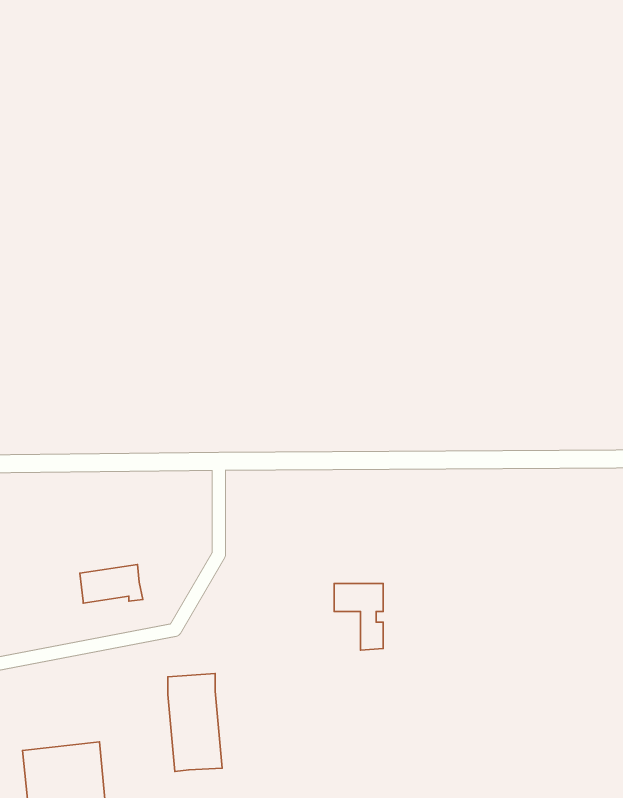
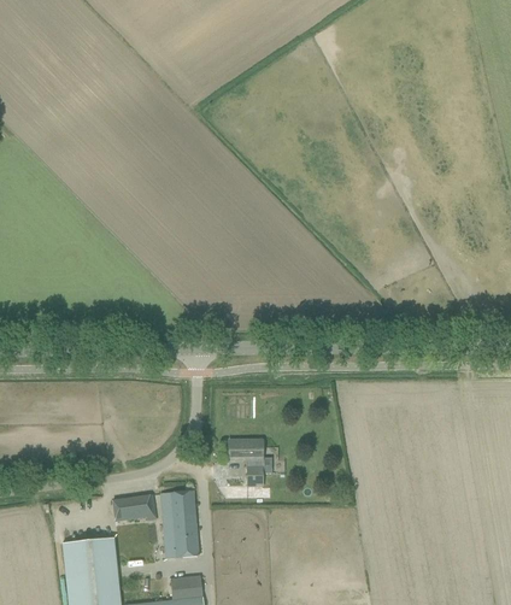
building: [80,565,143,603] -> [113,494,157,521]
building: [334,584,383,650] -> [229,440,263,486]

